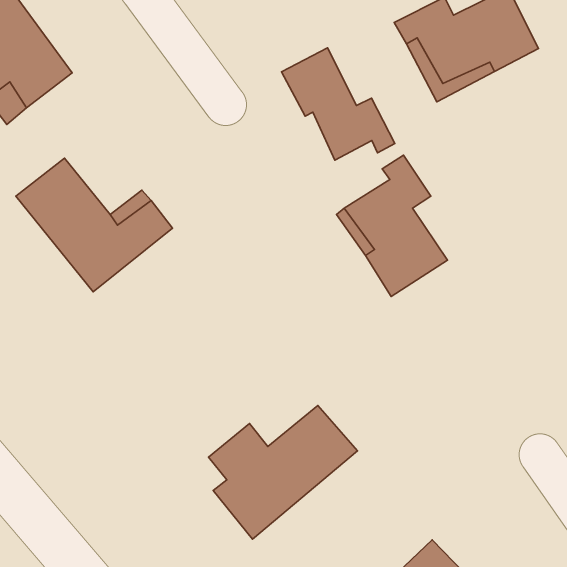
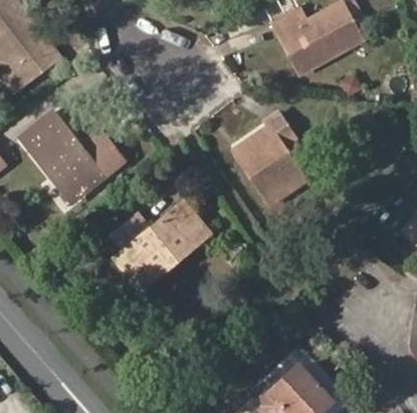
building: [281,48,395,160] -> none
building: [209,405,358,539] -> [112,202,210,290]

